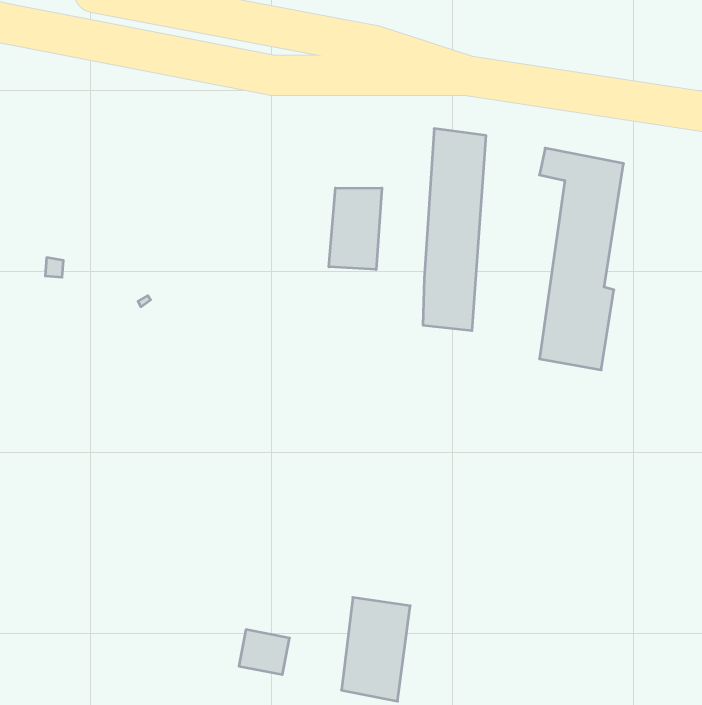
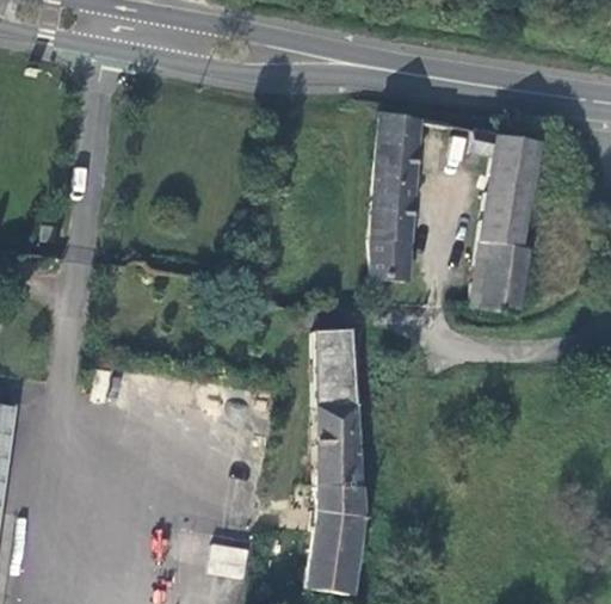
building: [329,188,382,270] -> none
building: none -> [313,328,362,517]

